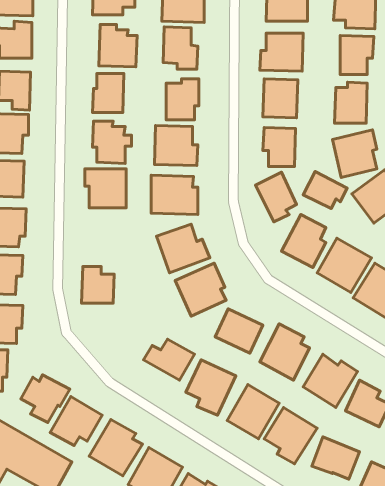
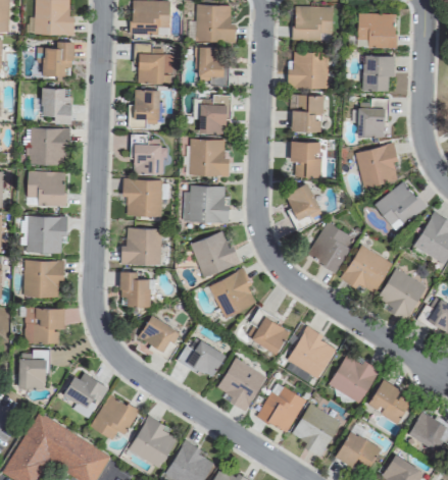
building: [303,172,347,208] -> none
building: none -> [121,227,162,265]
building: none -> [138,315,184,357]

